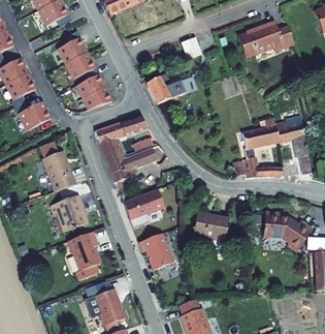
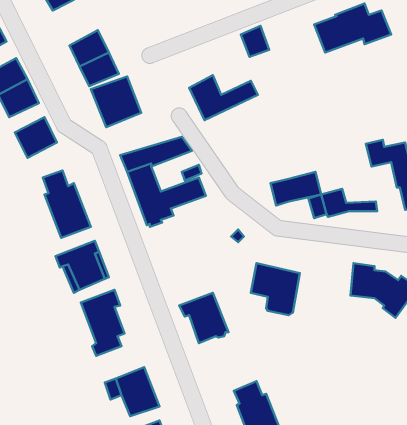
building: [242,122,280,147] -> [270,172,321,206]
building: [124,187,165,226] -> none

